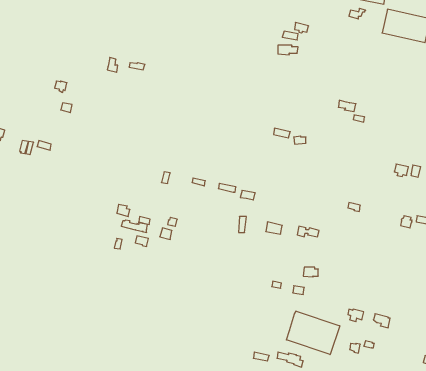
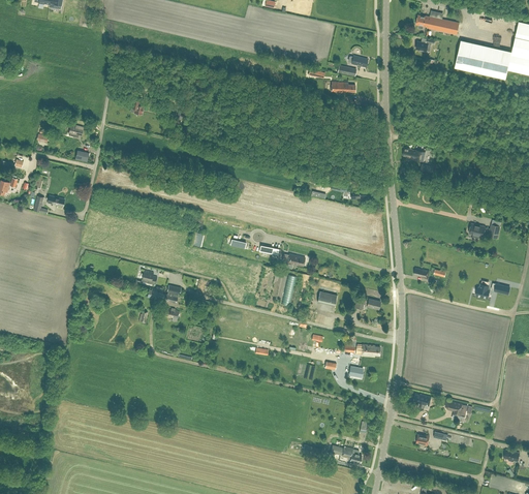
building: [286,311,340,355] -> none

